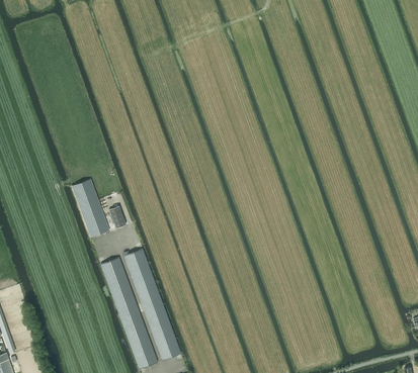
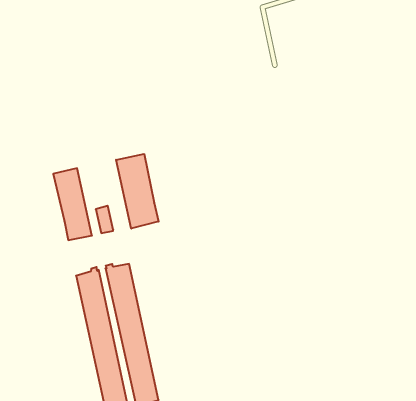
building: none -> [116,154,159,229]

